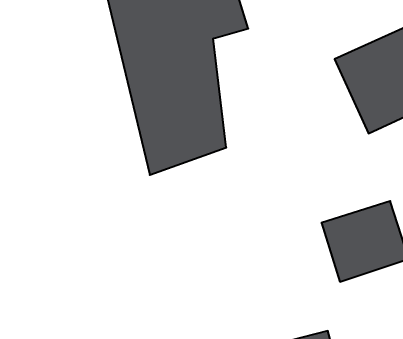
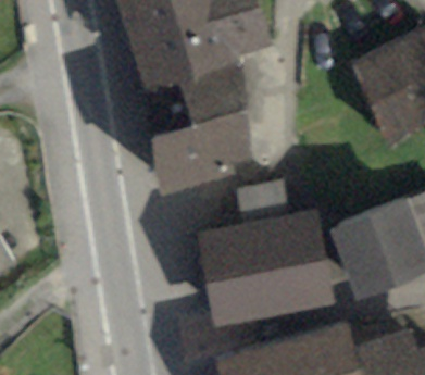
building: none -> [205,218,329,311]

